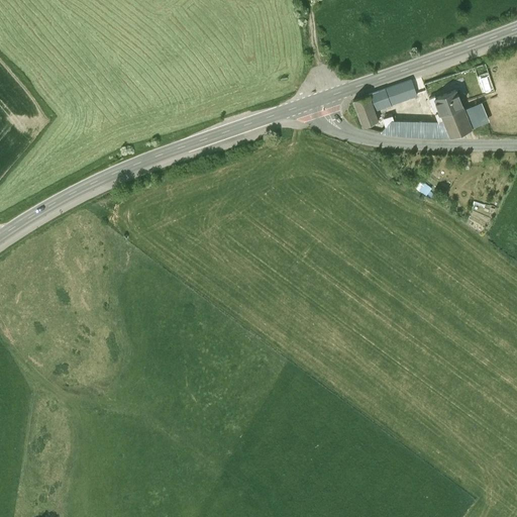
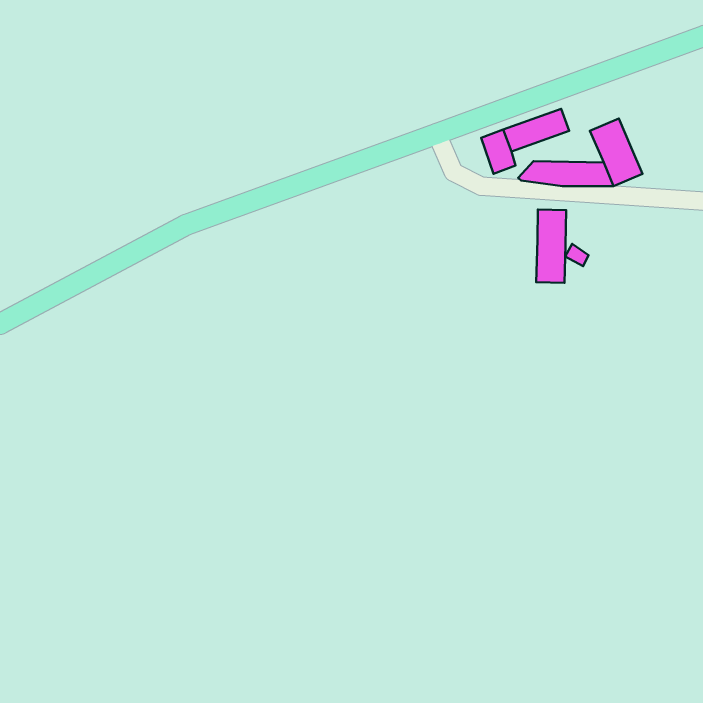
building: [463,102,489,128] -> none
building: none -> [536,210,566,283]

